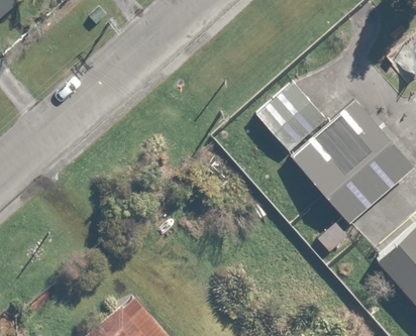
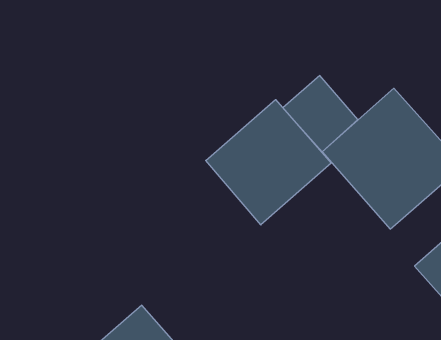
building: none -> [206,100,331,225]

